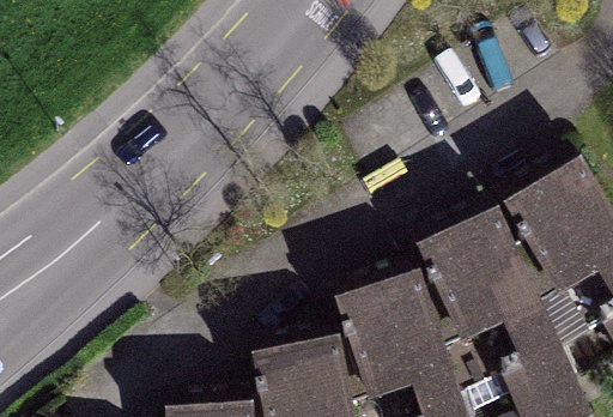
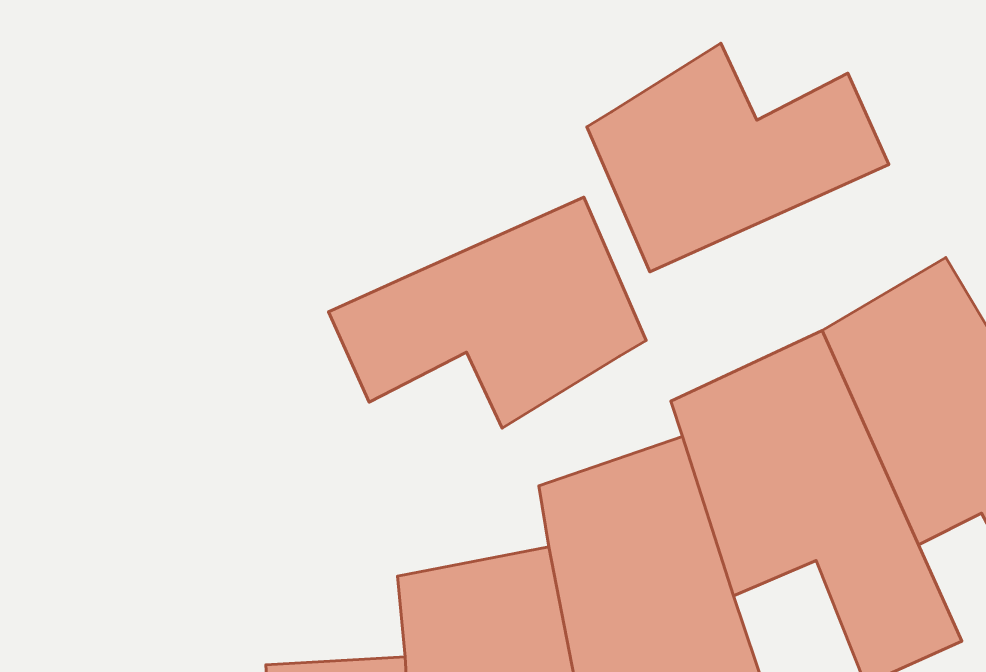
building: none -> [587,43,889,272]
building: none -> [328,197,646,428]

